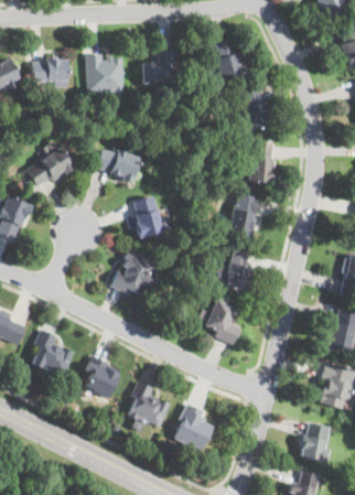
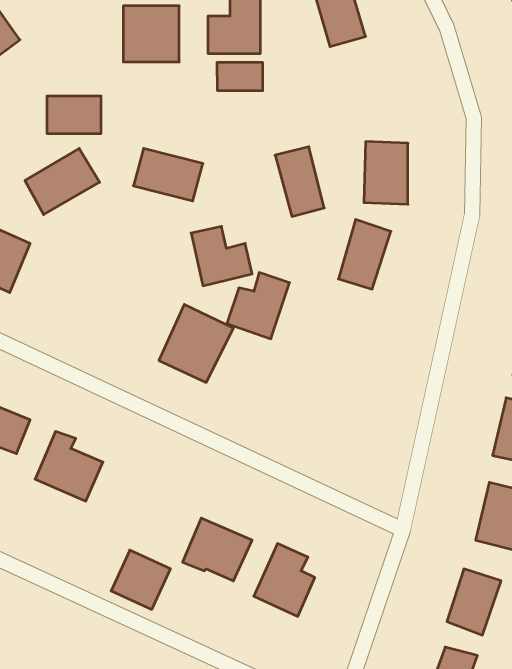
building: [33,60,68,84] -> [47,96,101,133]
building: [238,85,270,130] -> [275,147,324,216]
building: none -> [217,62,263,91]
building: [214,250,255,293] -> [227,273,290,339]
building: [201,298,240,342] -> none
building: [82,359,120,398] -> [111,550,170,609]

